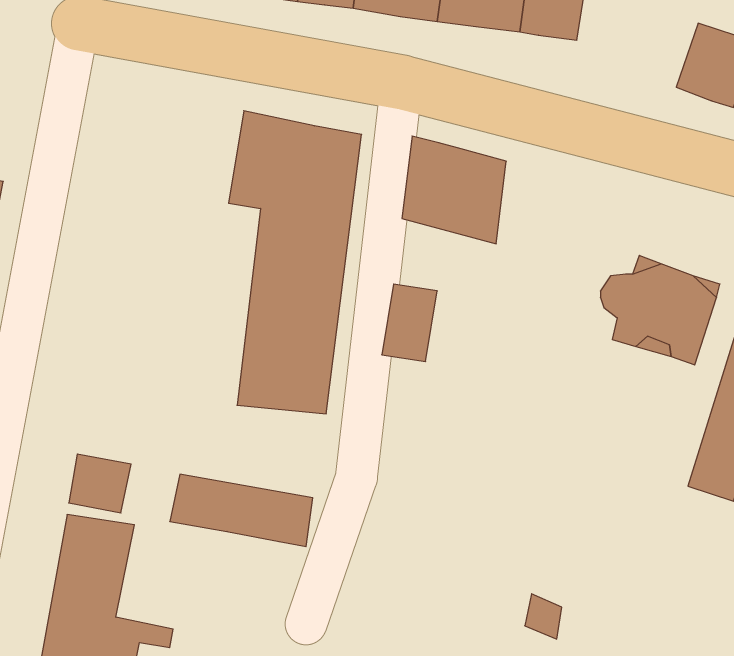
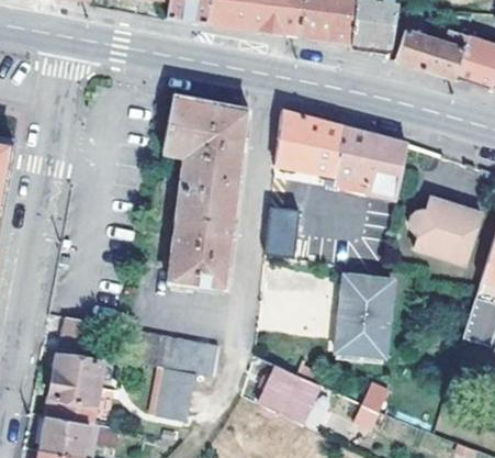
building: none -> [394,29,469,78]
building: none -> [337,126,406,200]
building: none -> [334,276,393,358]
building: none -> [256,365,316,428]
building: none -> [154,368,195,422]

